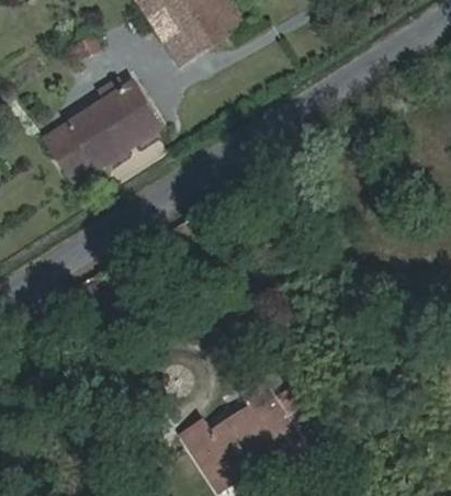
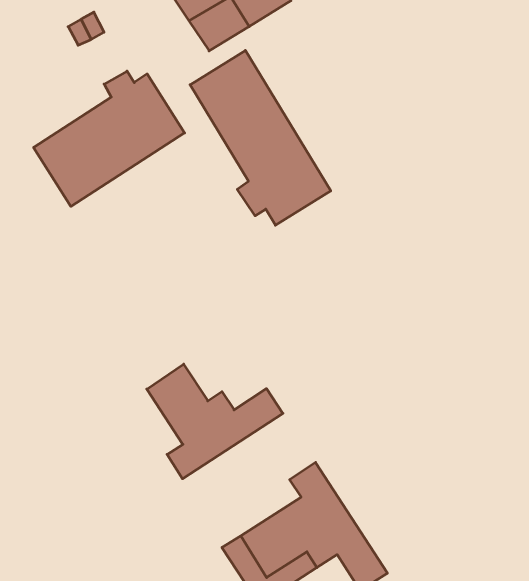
building: none -> [190,50,331,225]
building: none -> [147,364,283,479]

